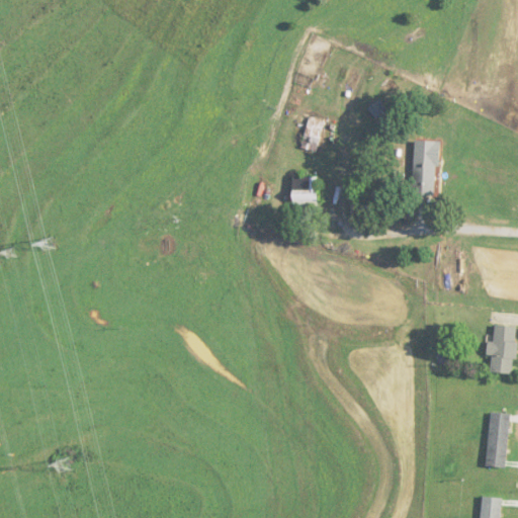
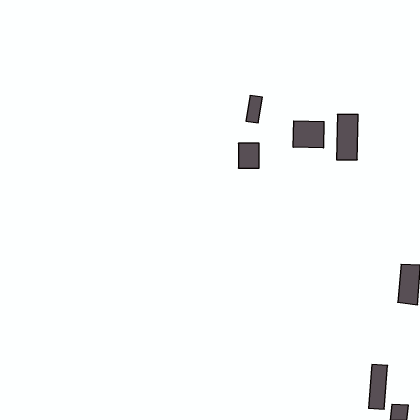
building: none -> [293,121,324,148]
building: [485,412,508,466] -> [369,365,388,409]

